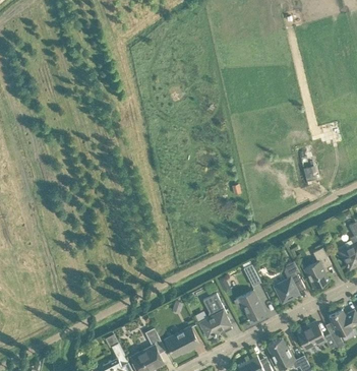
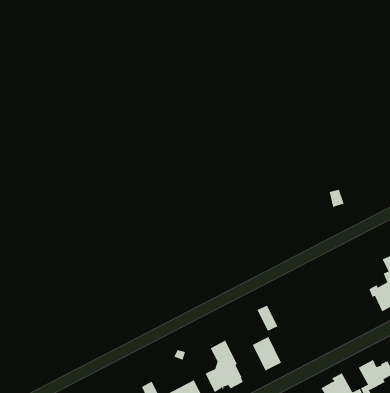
building: [304,247,332,287] -> none
building: [274,260,305,302] -> none

